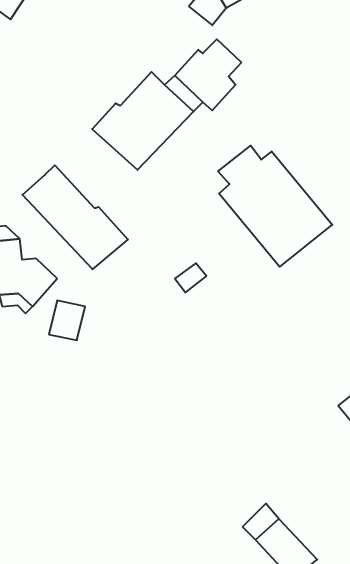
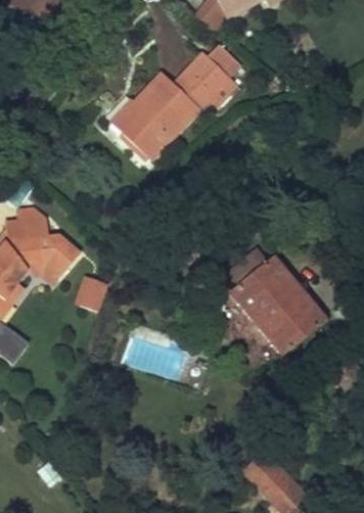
building: [218,146,332,267] -> [228,249,328,356]
building: [22,165,128,269] -> none

